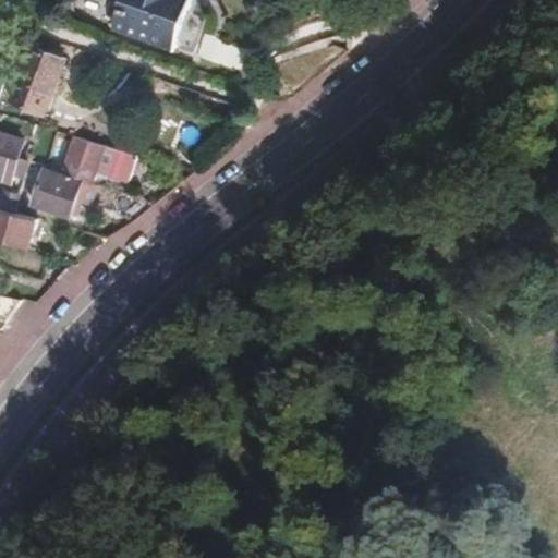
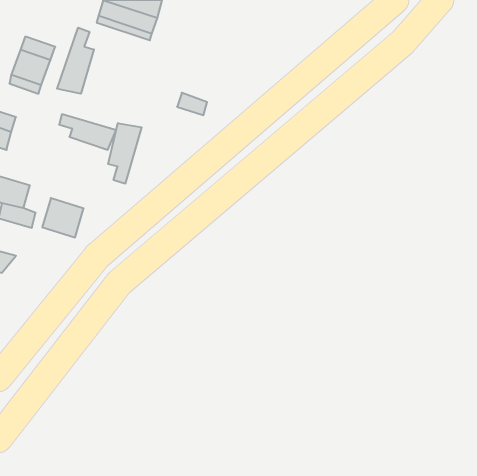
building: none -> [57,28,94,94]
building: none -> [108,123,142,184]
building: [32,169,80,215] -> [42,198,84,237]

